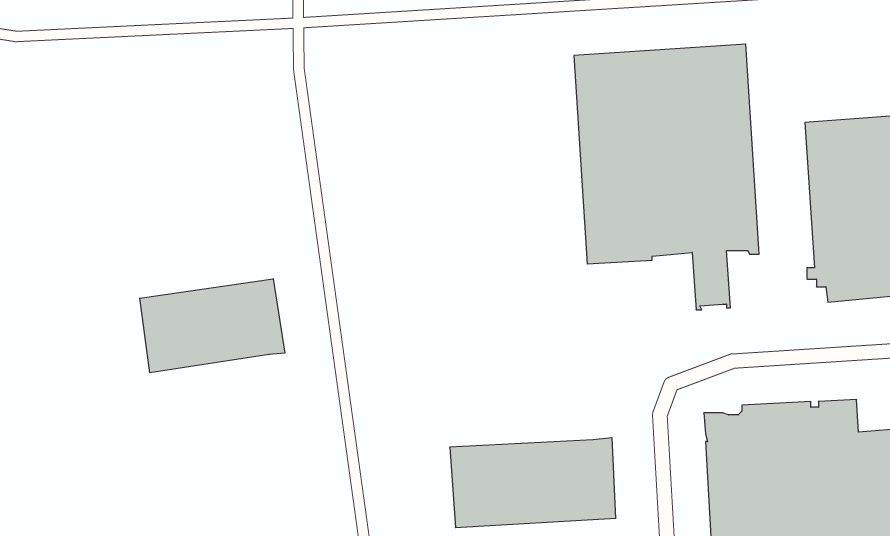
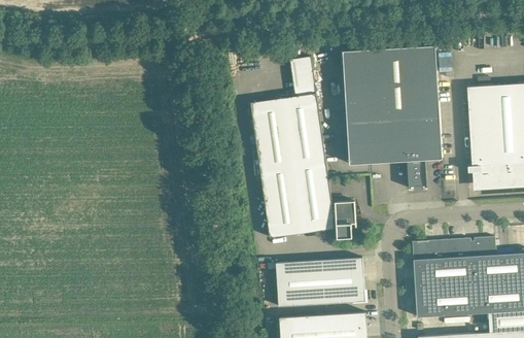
building: none -> [251,57,356,238]
building: [140,279,285,373] -> none

